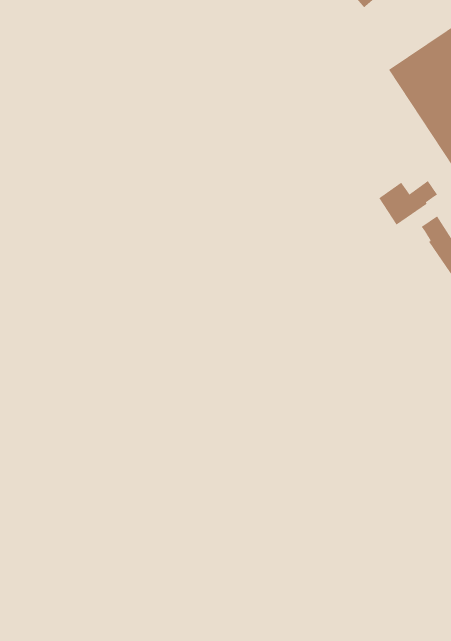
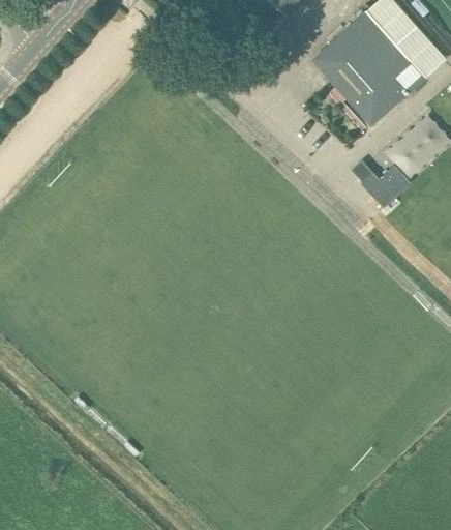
building: [378,180,438,225] -> none

